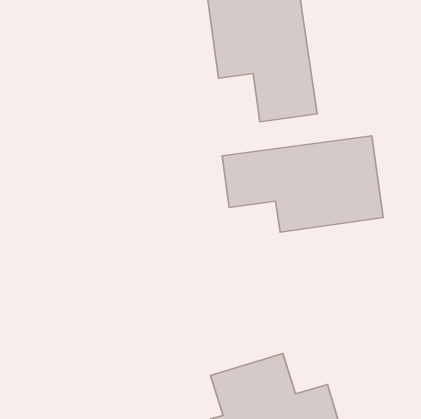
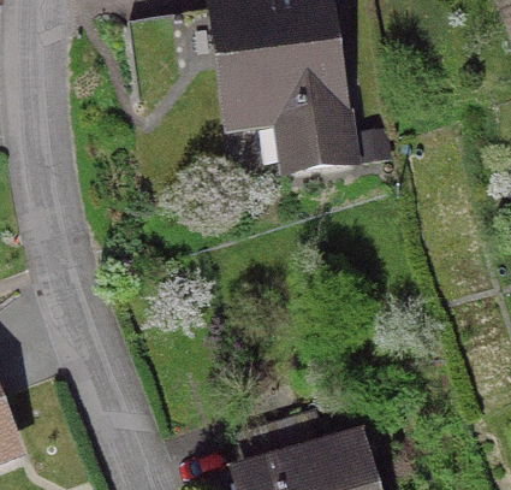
building: [222,136,383,232] -> none

